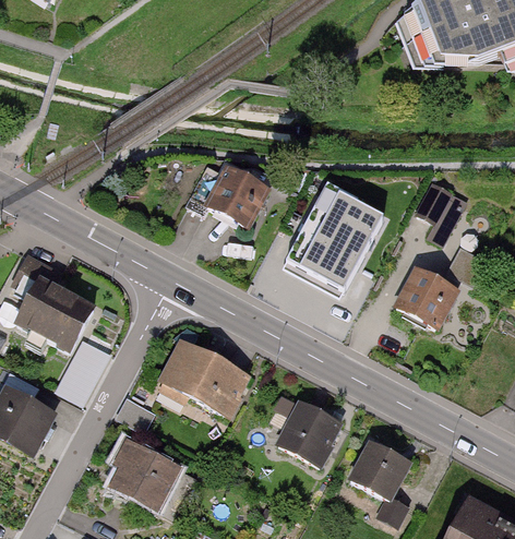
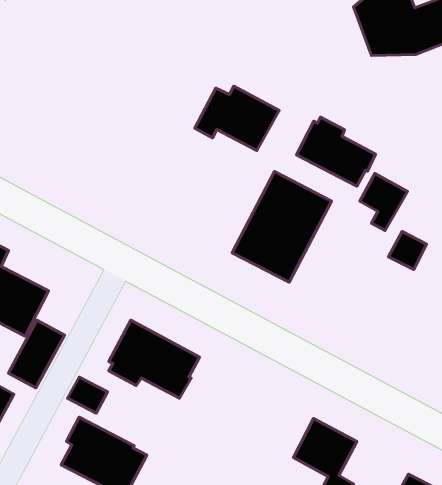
building: none -> [296,117,375,186]
building: [185,163,273,229] -> [195,86,279,150]
building: [392,265,462,331] -> none
building: [272,395,343,469] -> none

